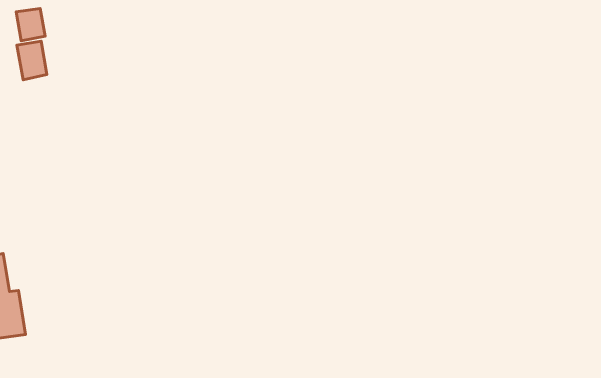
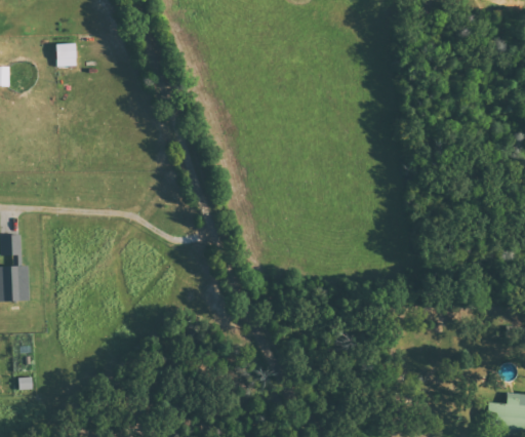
building: [17,41,47,80] -> none

